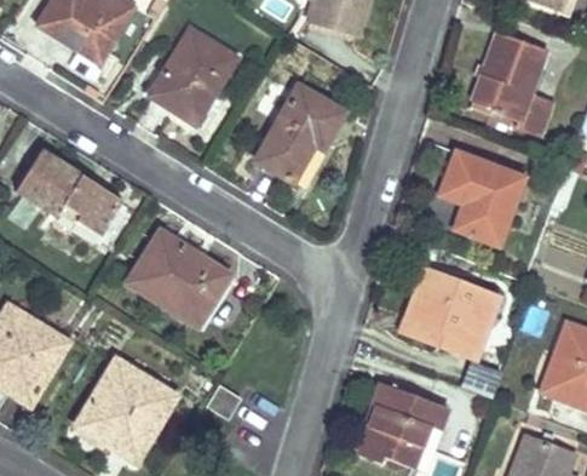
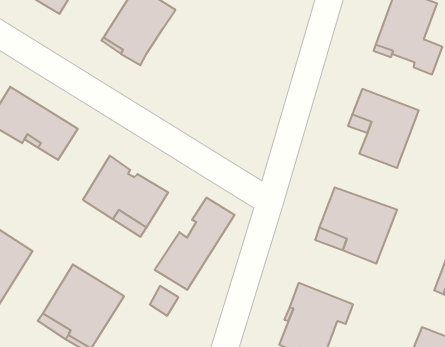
building: [254,85,344,182] -> none
building: none -> [155,198,235,290]

